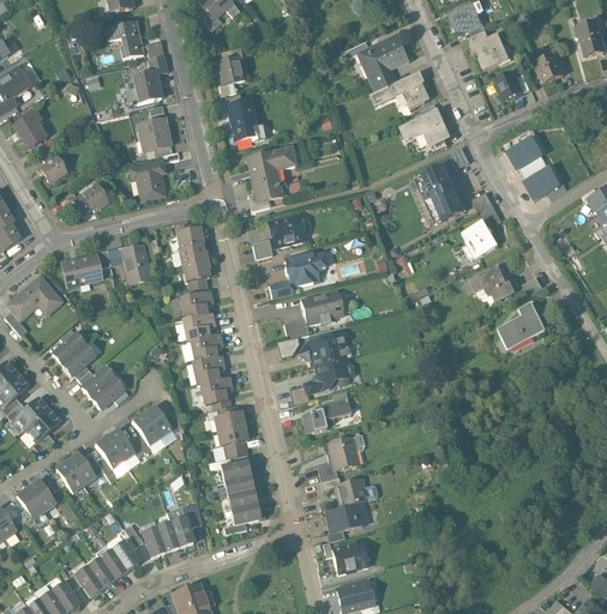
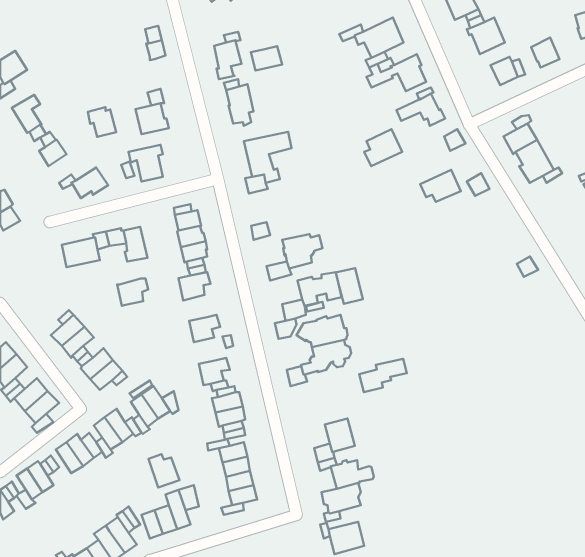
building: [104,23,143,59] -> none
building: none -> [251,46,282,70]
building: [133,73,162,103] -> [88,107,116,137]
building: [416,164,455,201] -> [364,129,402,166]
building: [269,215,305,246] -> none
building: [461,219,497,259] -> none
building: [469,265,513,299] -> none
building: [8,277,61,319] -> none
building: none -> [336,268,363,304]
building: [497,301,545,347] -> none
building: [182,313,214,341] -> [117,279,148,306]
building: [192,356,223,384] -> none
building: [302,399,350,433] -> [359,359,407,392]
building: none -> [149,454,179,488]

